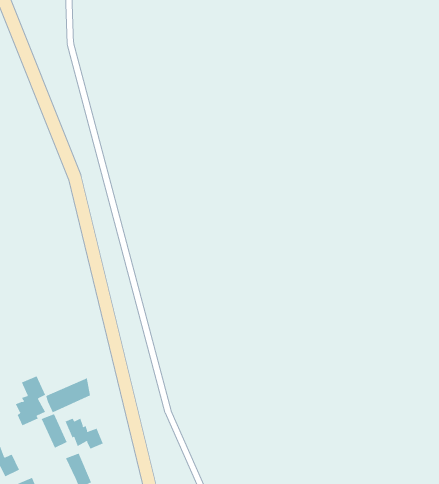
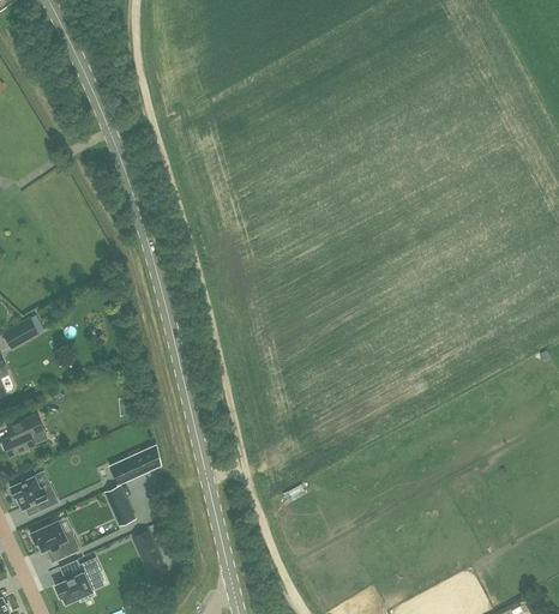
building: [15,376,46,426] -> none
building: [65,418,103,450] -> none

